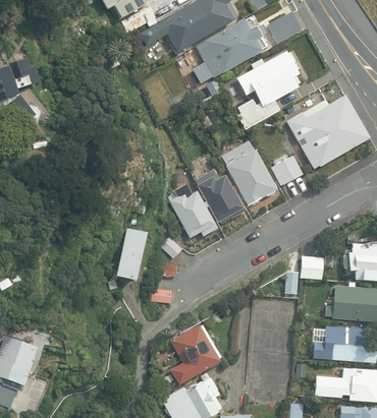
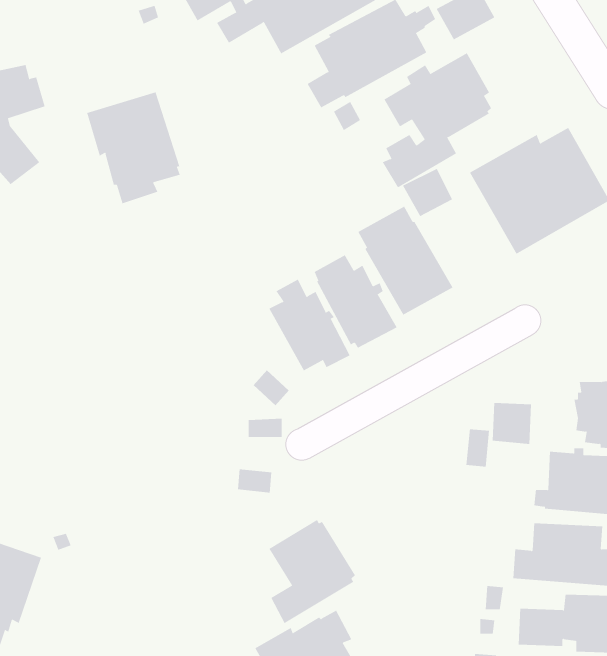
building: none -> [86,91,180,204]
building: [274,156,304,184] -> [402,168,453,217]
building: [116,229,146,280] -> none

